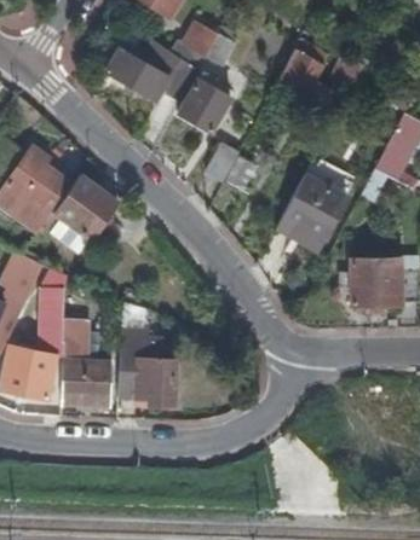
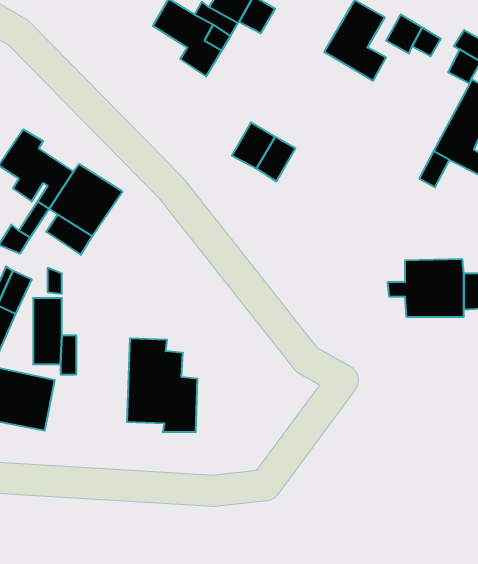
building: [105,47,168,99] -> none
building: [179,79,232,133] -> none
building: [281,172,351,236] -> none
building: [61,362,110,406] -> none

